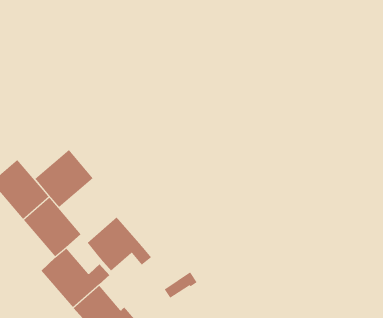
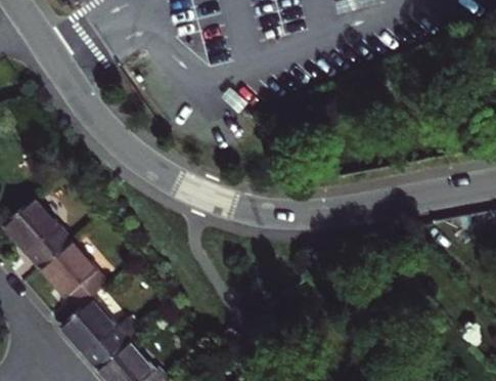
building: [34,149,94,208] -> none
building: [87,216,152,271] -> none

